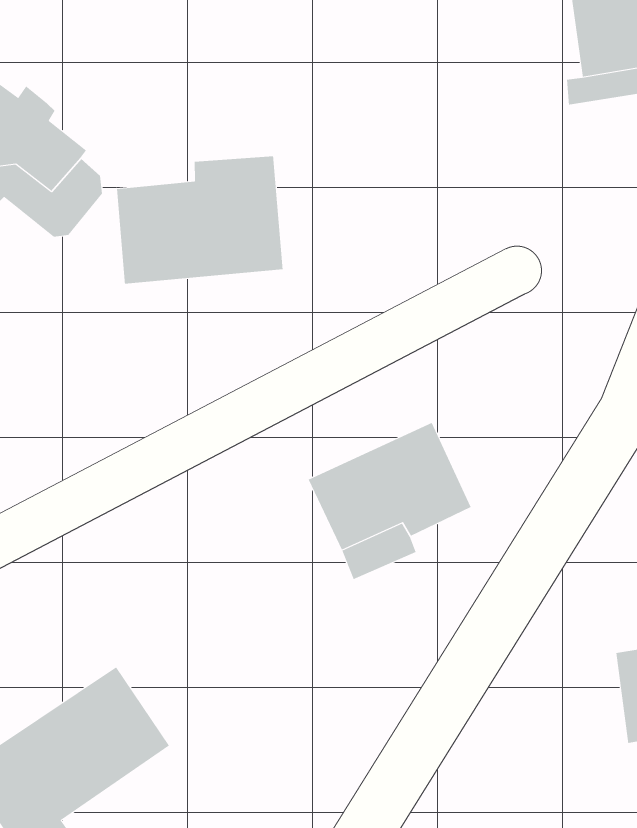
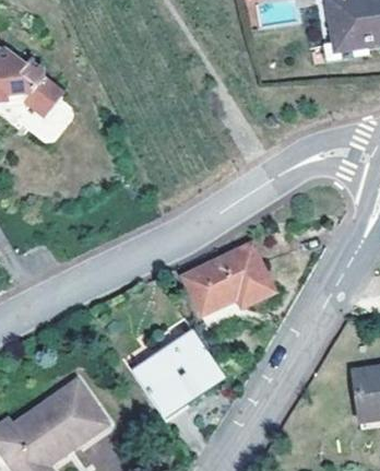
building: [117,156,283,284] -> none
building: none -> [133,330,225,415]

